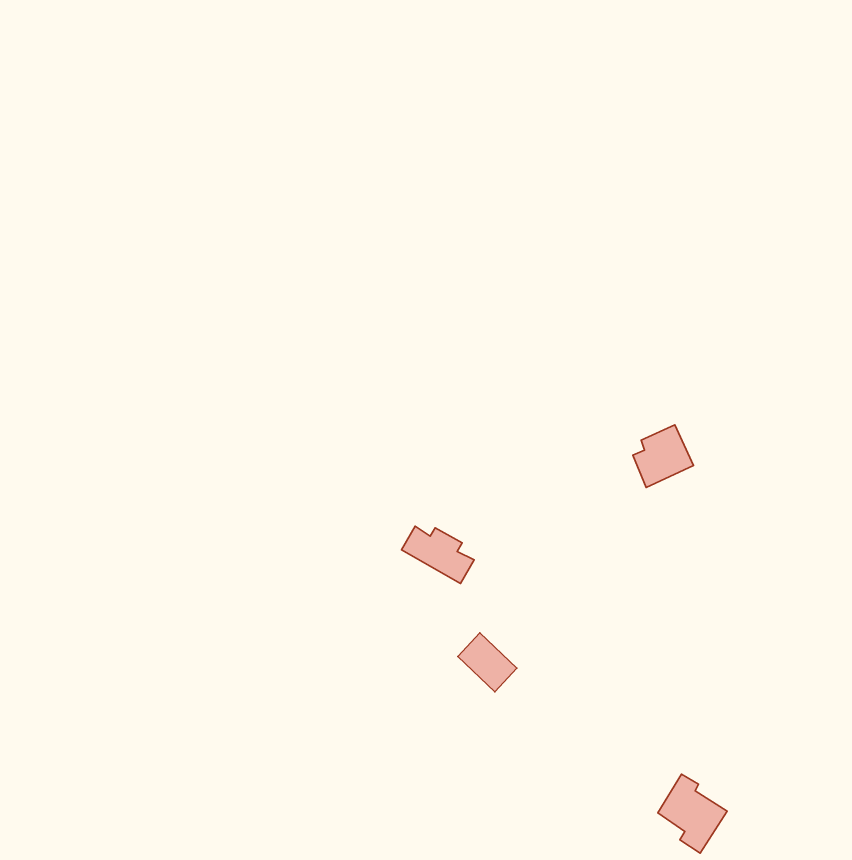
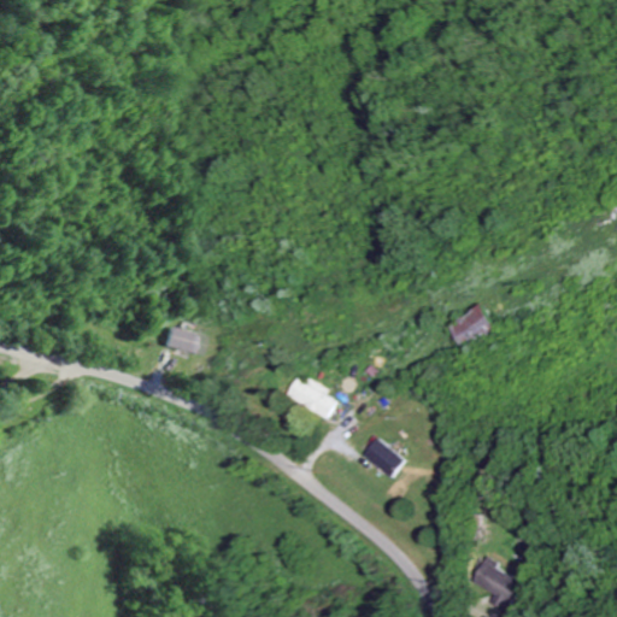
building: none -> [152,325,196,354]
building: [458,633,517,692] -> [364,435,406,477]

